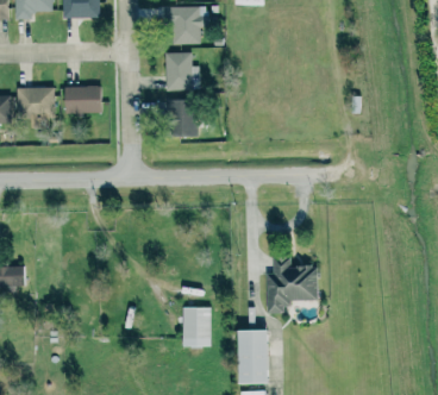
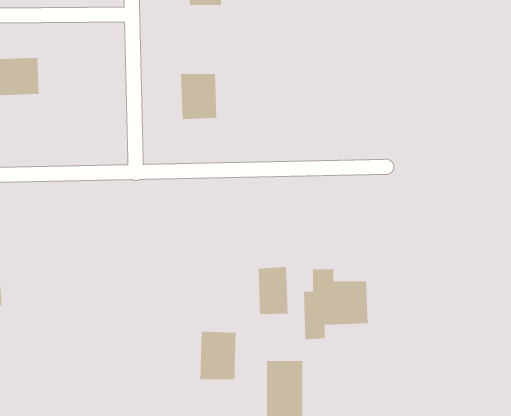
building: [167,54,201,90] -> none
building: [64,86,101,114] -> none
building: none -> [258,266,288,315]

